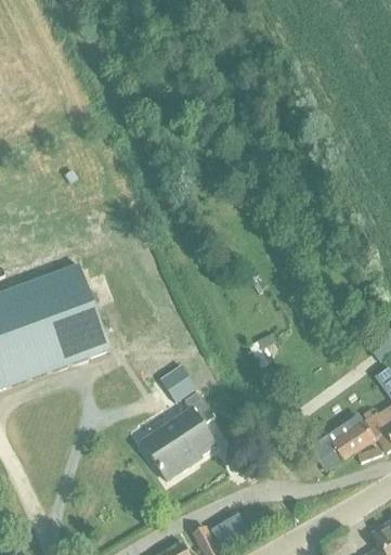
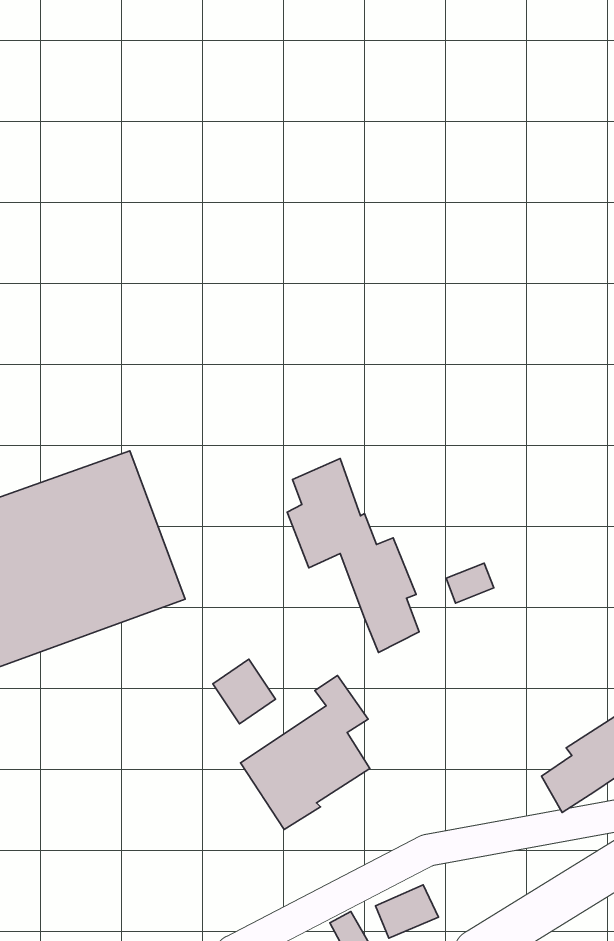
building: none -> [287,458,419,653]
building: [160,365,196,402] -> [213,659,276,724]

